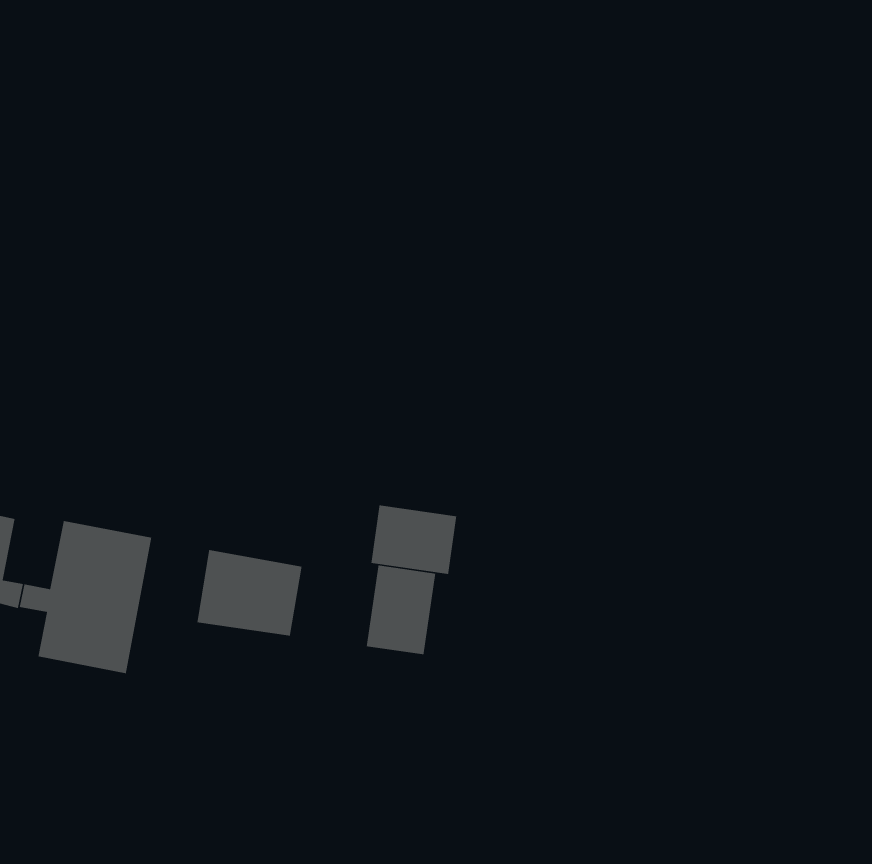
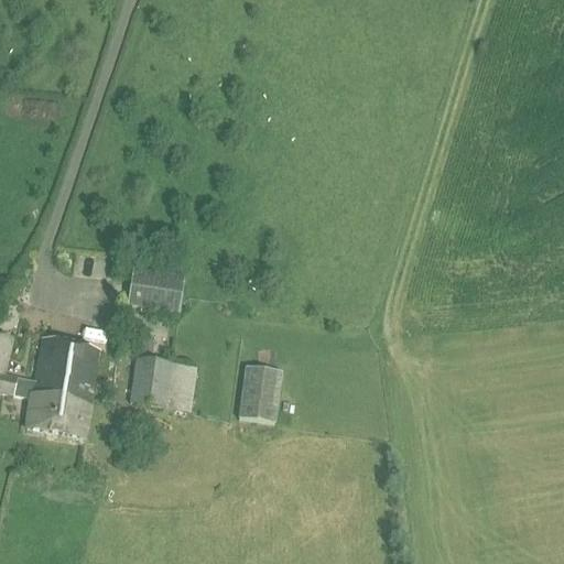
building: none -> [124,264,183,311]
building: [370,504,457,575] -> none

